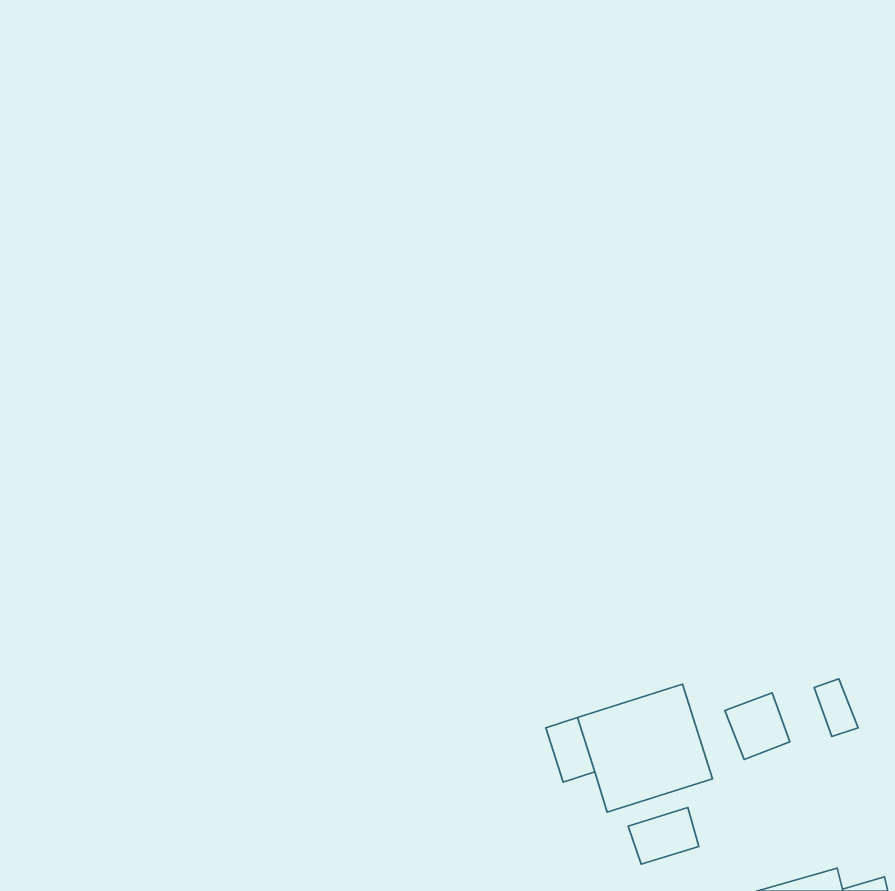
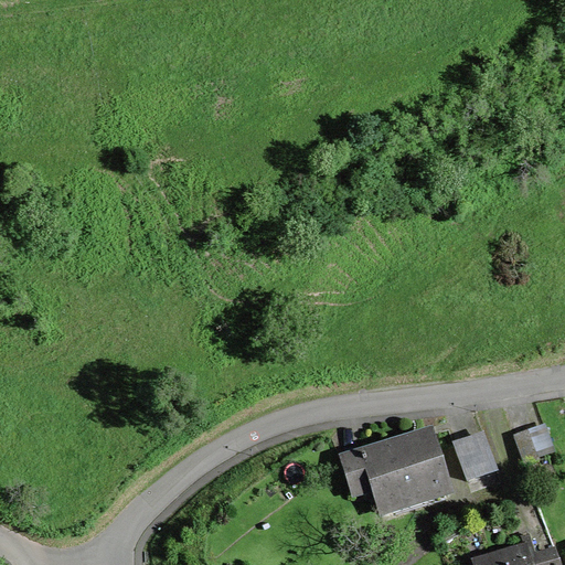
building: [628,807,699,864] -> none

